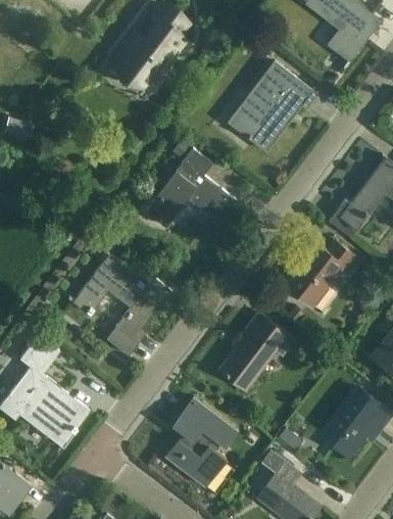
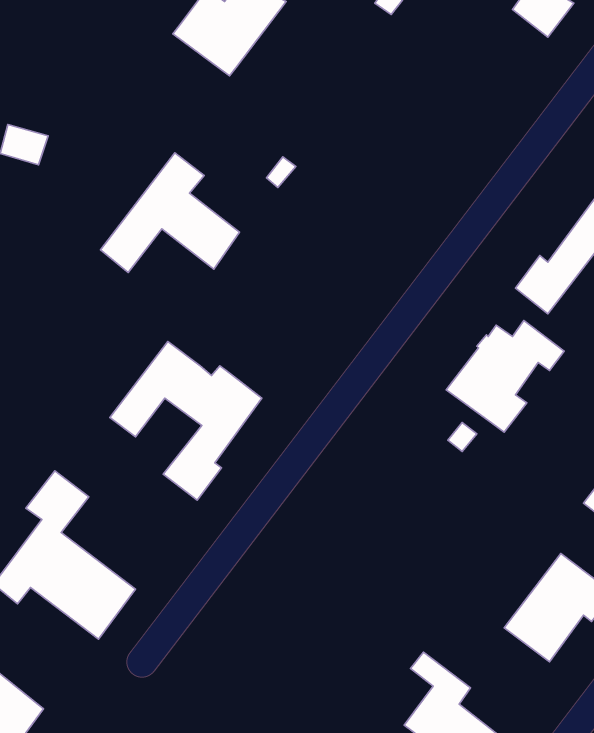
building: [228,62,316,151] -> none
building: [147,150,235,226] -> [101,153,240,273]
building: [219,313,295,390] -> none
building: [166,398,238,486] -> none

